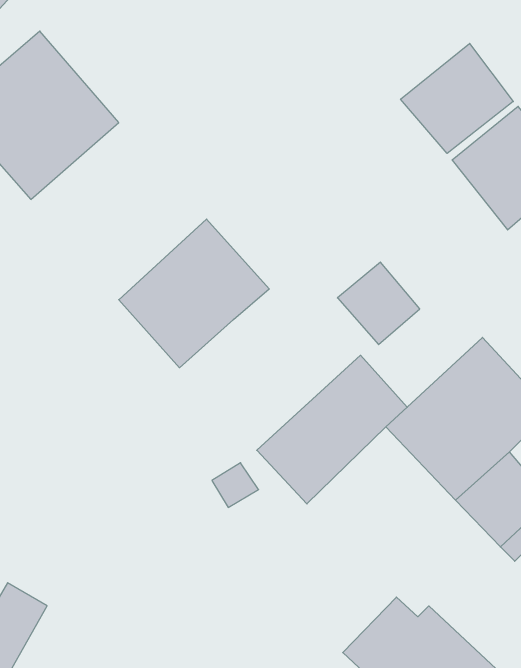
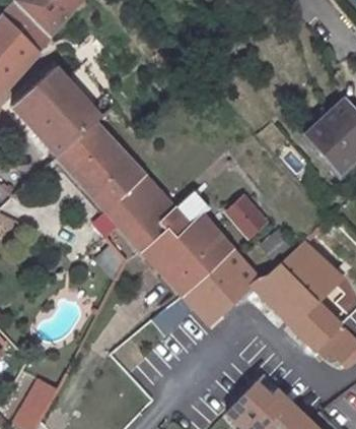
building: [401,43,513,153] -> none
building: none -> [53,115,152,216]
building: none -> [137,211,239,301]

